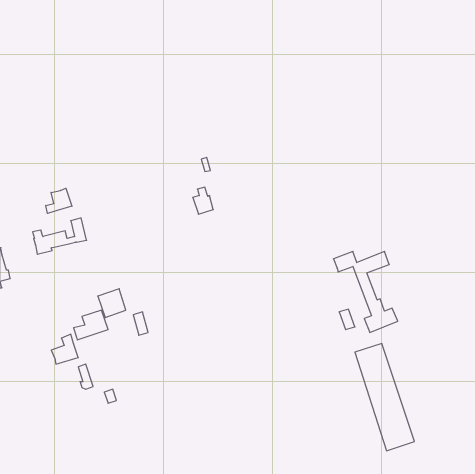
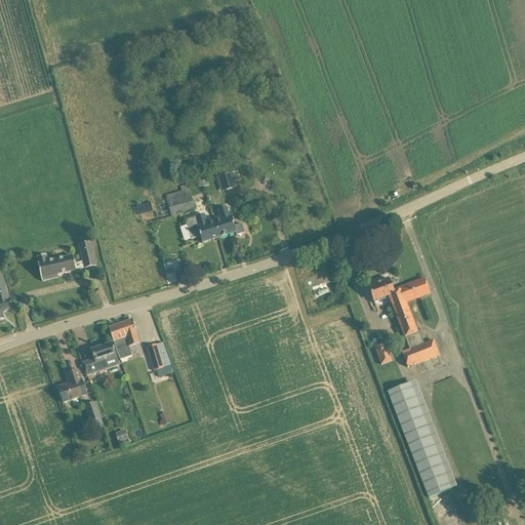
building: none -> [165,188,194,215]
building: [46,188,72,213] -> none
building: none -> [185,212,218,241]

